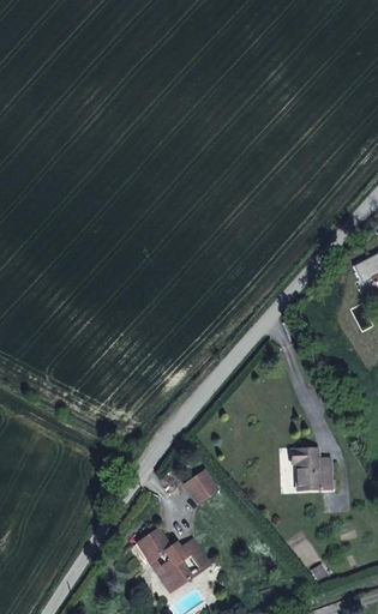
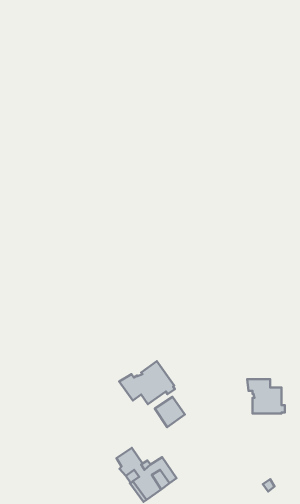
building: none -> [119,361,175,404]

